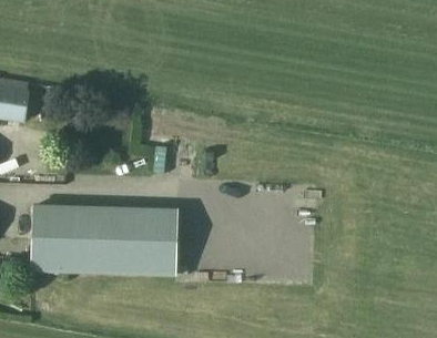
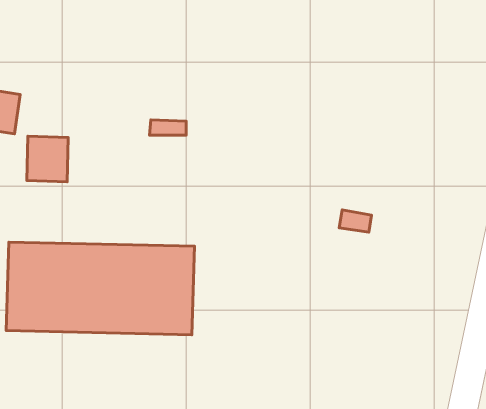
building: none -> [27,136,68,182]

